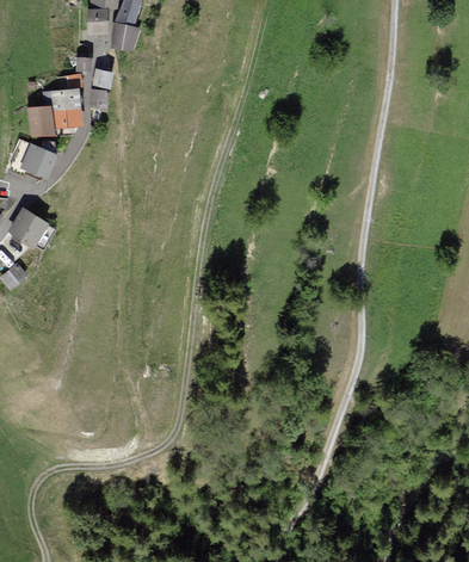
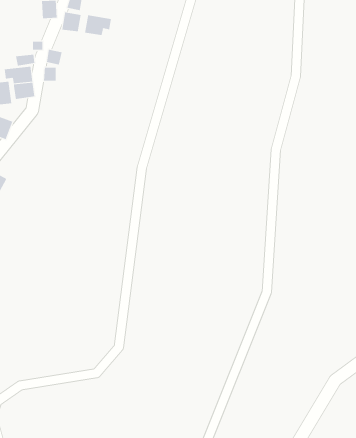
building: none -> [84,15,111,36]

